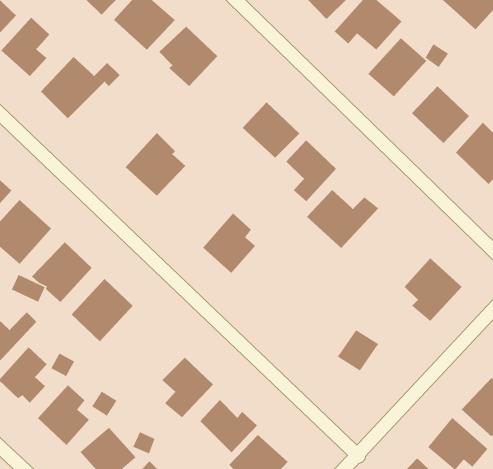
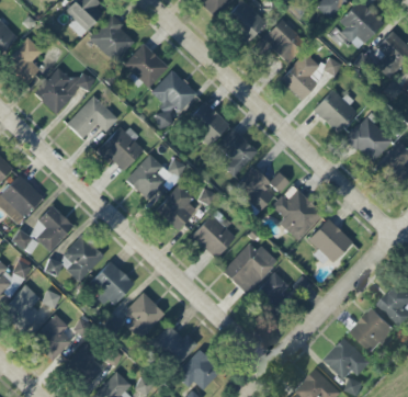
building: none -> [151,70,197,128]
building: none -> [67,95,118,138]
building: none -> [126,154,186,201]
building: none -> [273,190,324,240]
building: none -> [191,209,237,260]
building: none -> [223,243,279,294]
building: none -> [89,261,135,307]

